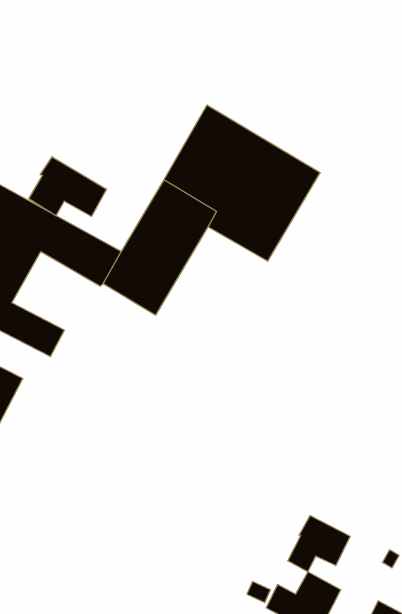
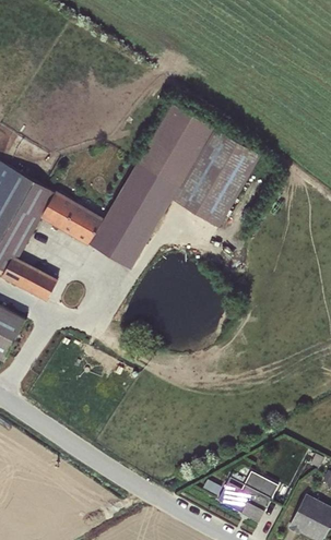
building: [29,157,107,216] -> none
building: [288,516,350,572] -> none

